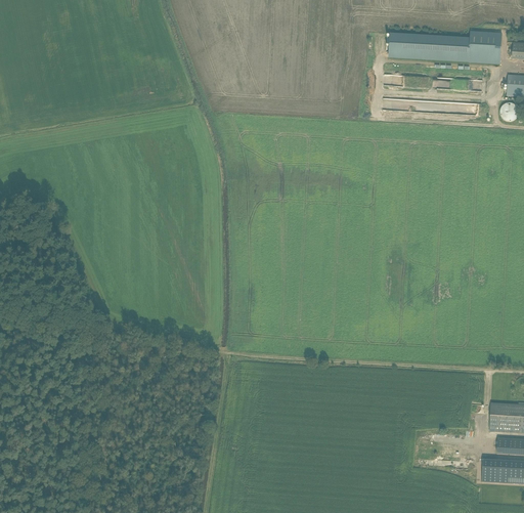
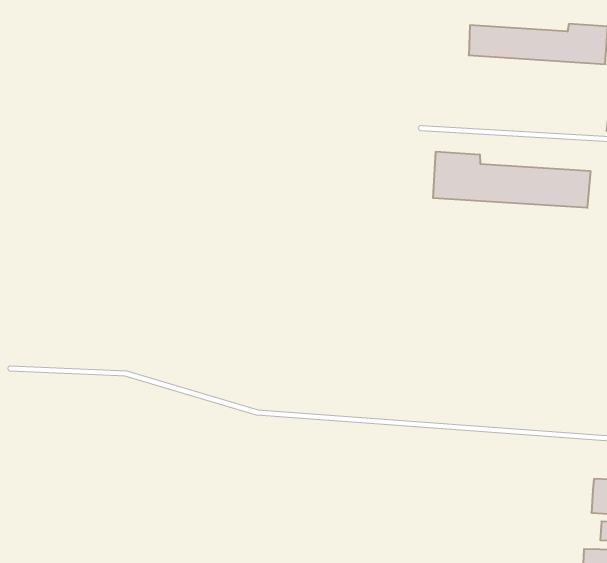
building: none -> [433,152,590,208]

